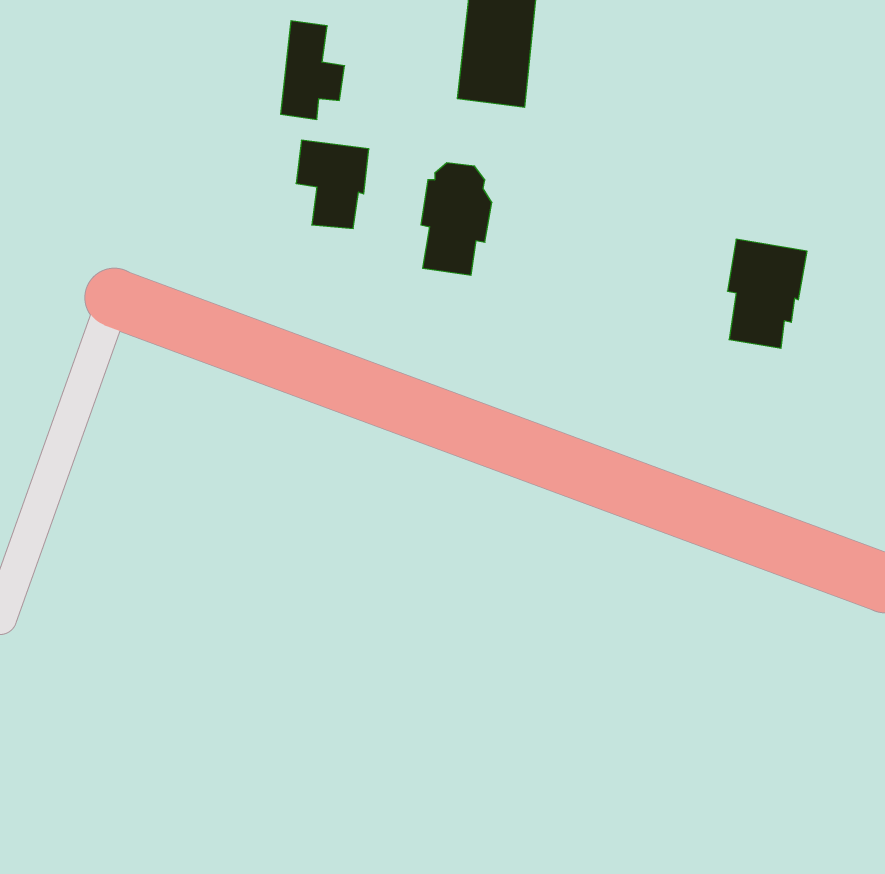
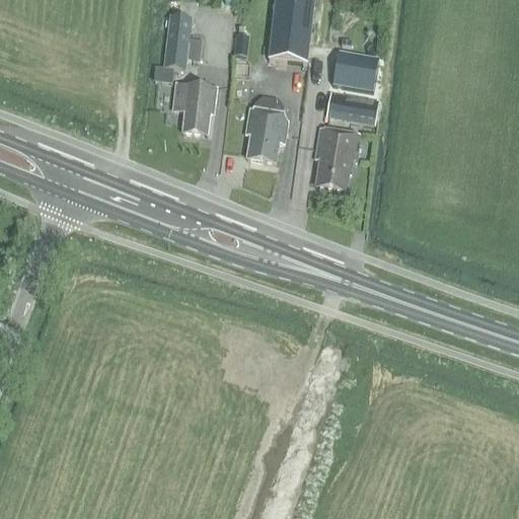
building: none -> [331,49,378,89]
building: none -> [325,89,379,125]
building: [727,239,807,348] -> [315,126,362,190]

